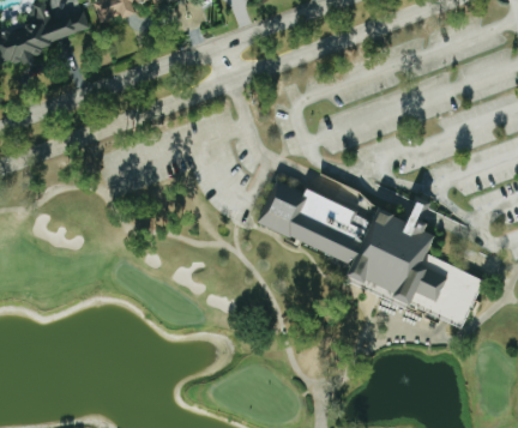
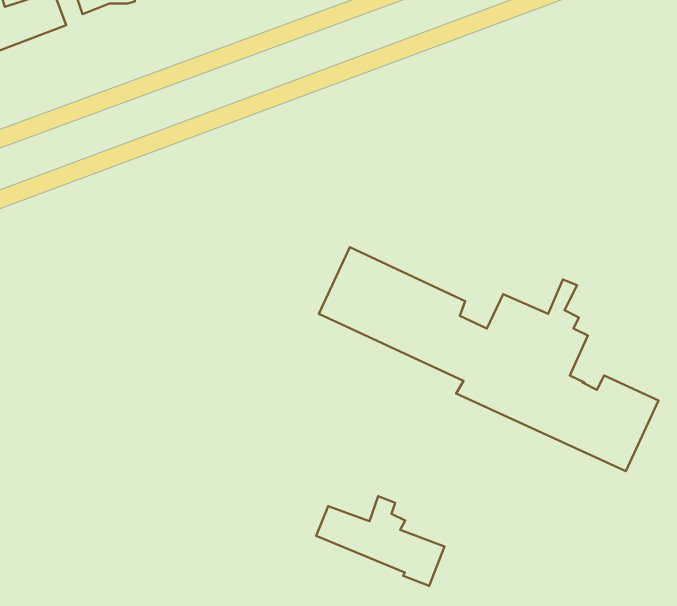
building: none -> [316,496,445,586]

